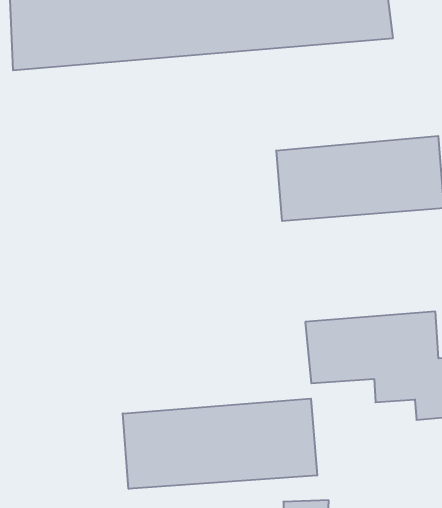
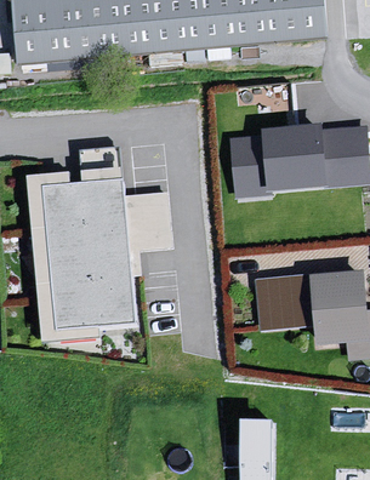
building: none -> [42,177,135,327]
building: [123,399,317,489] -> none

